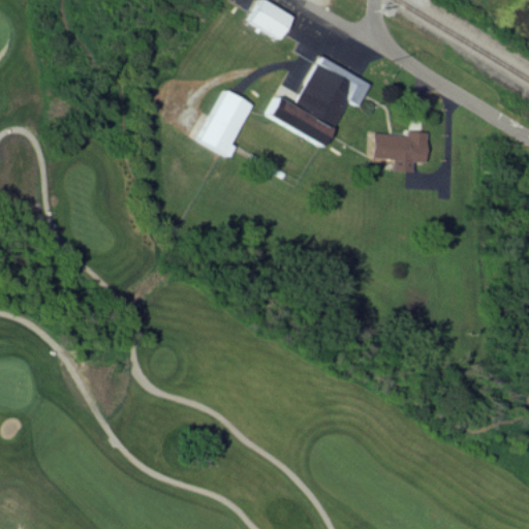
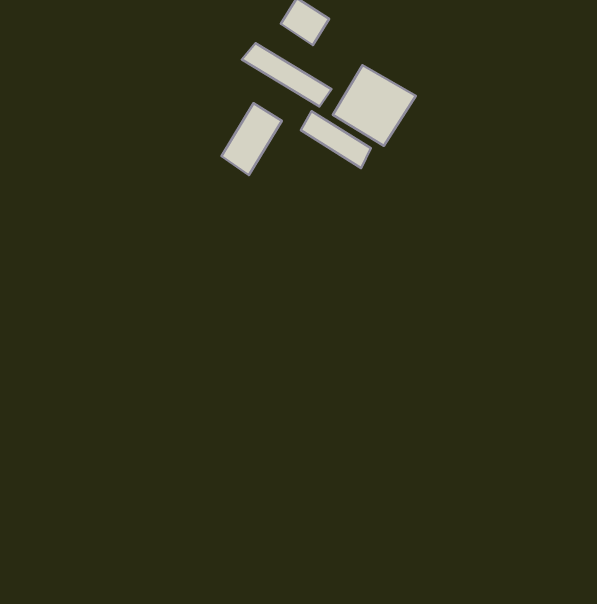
building: none -> [242,43,331,106]
building: [370,131,428,172] -> none

